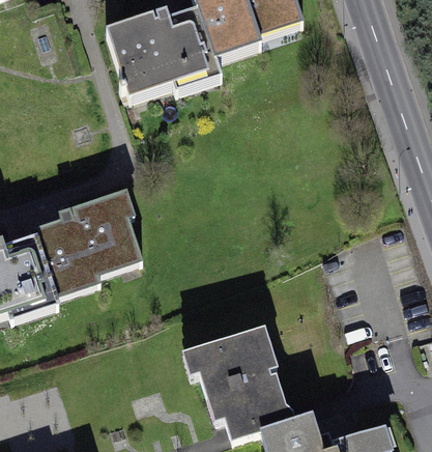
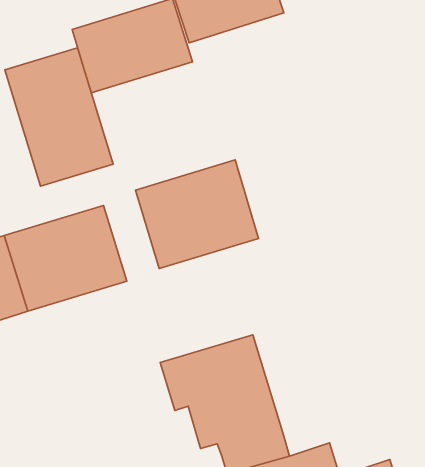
building: none -> [5,48,113,186]
building: none -> [136,160,259,269]

